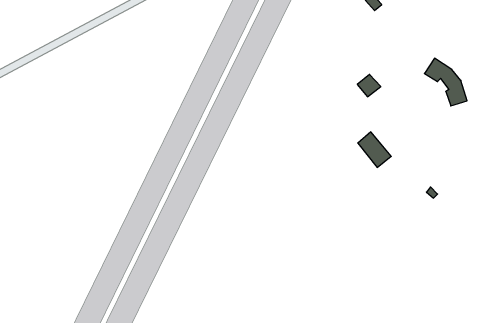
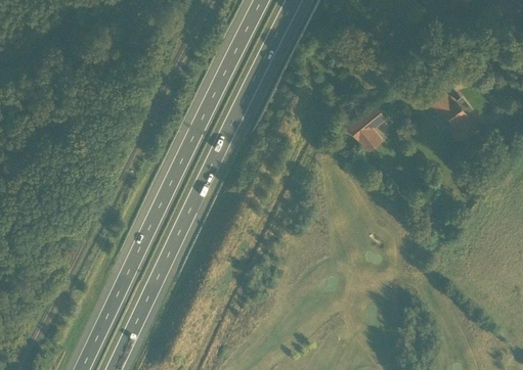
building: [358,132,391,167] -> [349,118,383,153]

